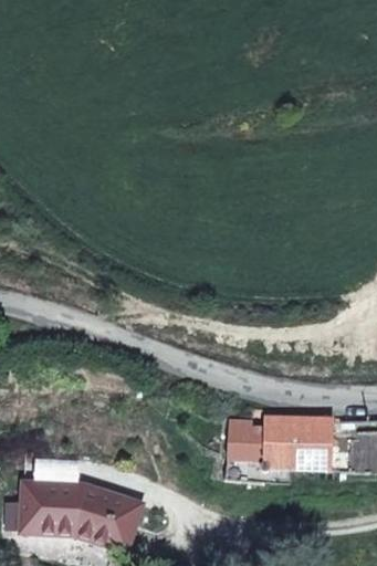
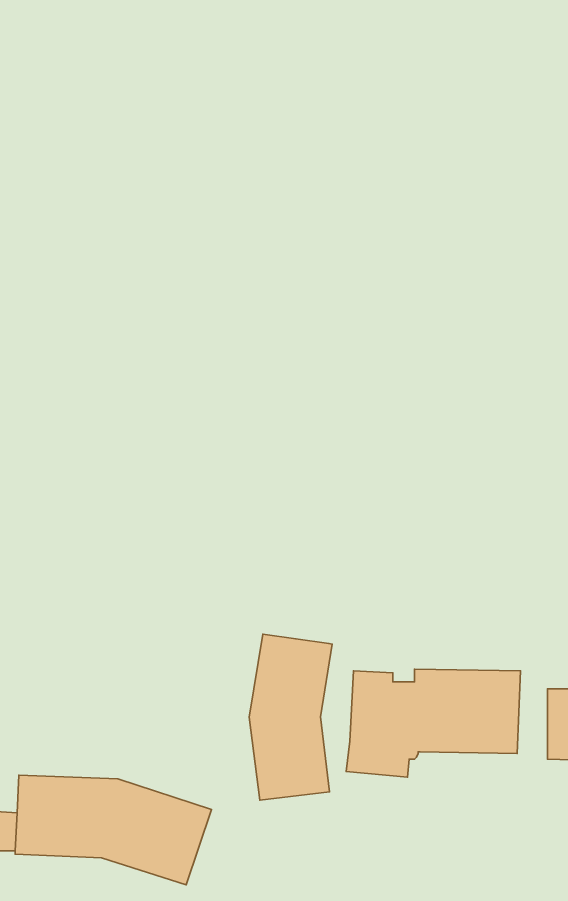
building: none -> [249,634,332,800]

